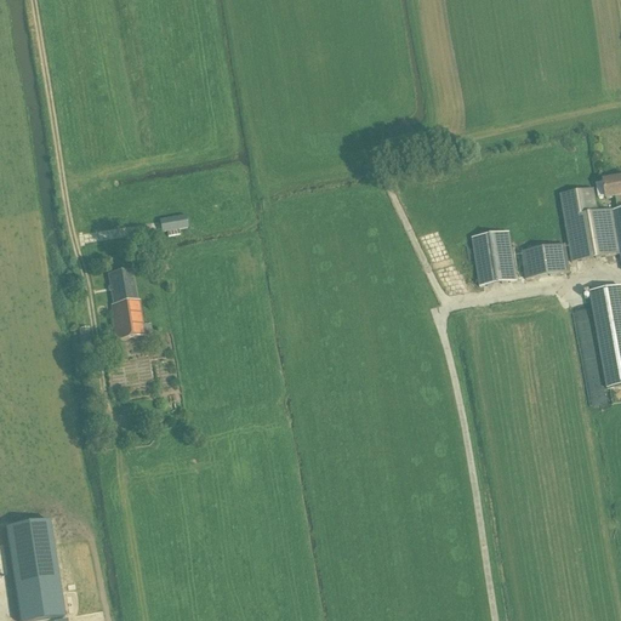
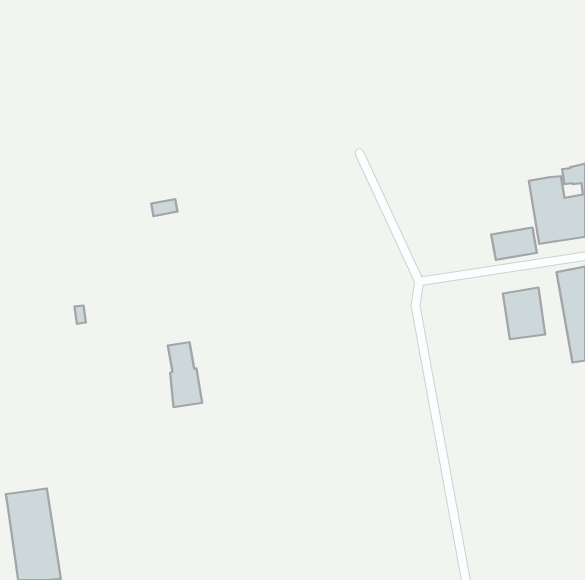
building: [472,228,517,283] -> [503,288,545,339]
building: [109,268,146,337] -> [168,342,202,407]

